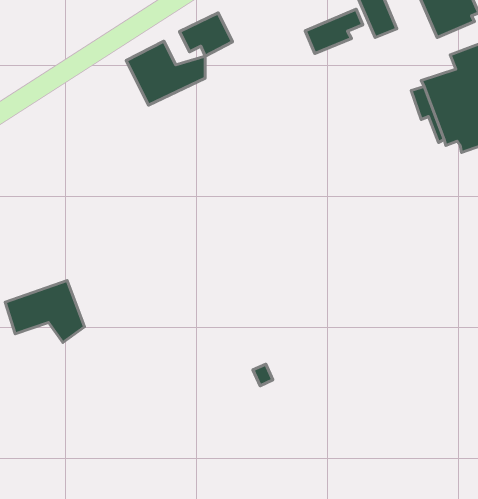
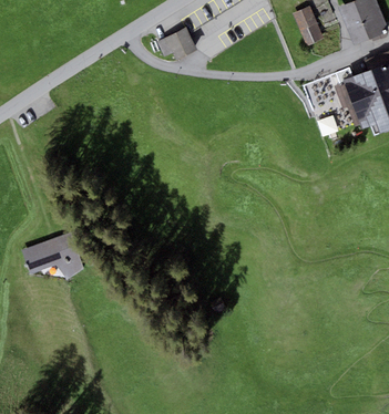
building: [305,9,363,54] -> none
building: [126,41,205,105] -> none

